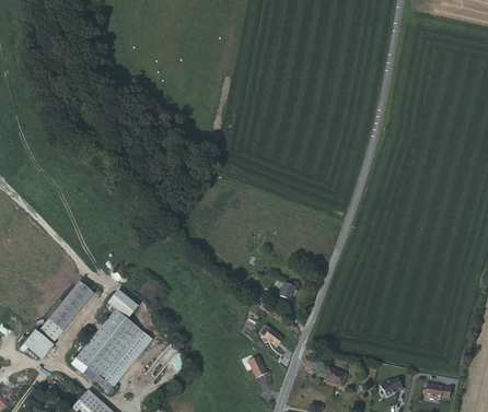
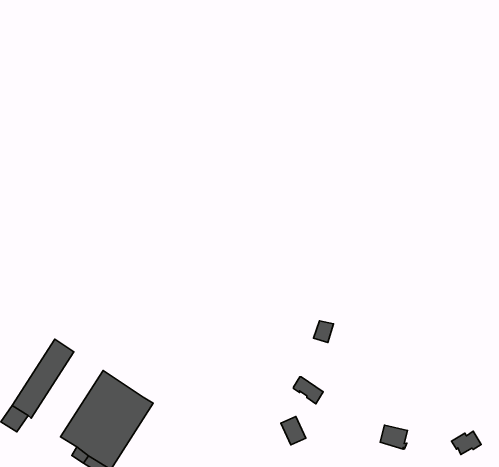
building: [108,290,139,319] -> none

